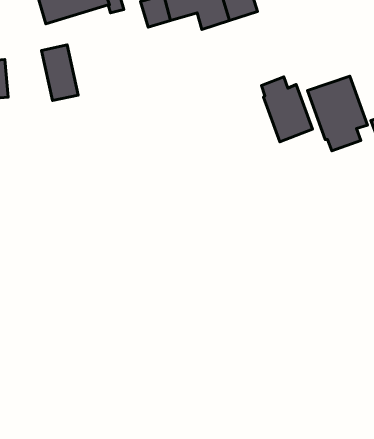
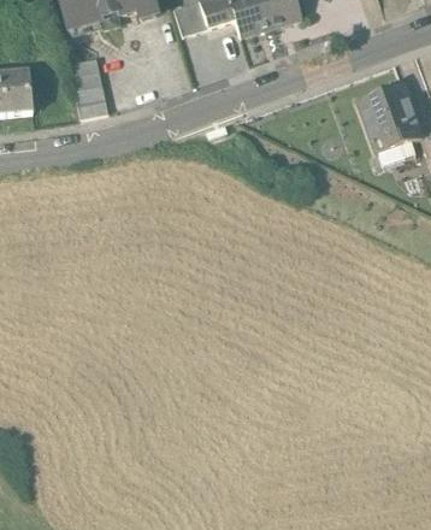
building: [261,77,312,142] -> none

